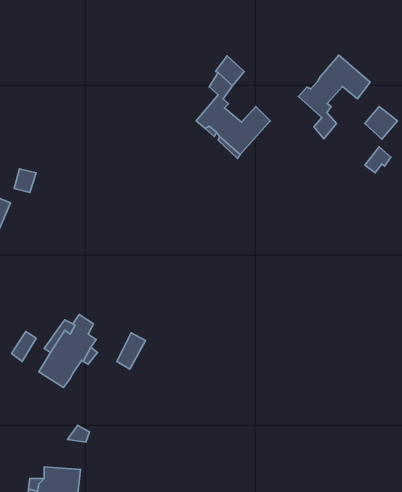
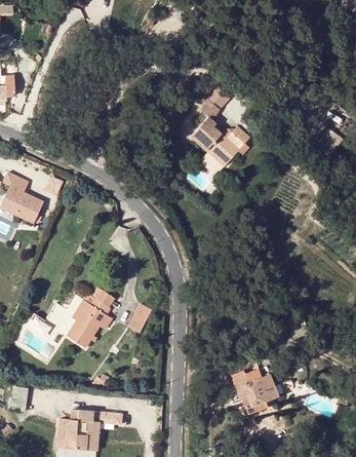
building: [299,55,370,139] -> none
building: none -> [231,368,278,414]

